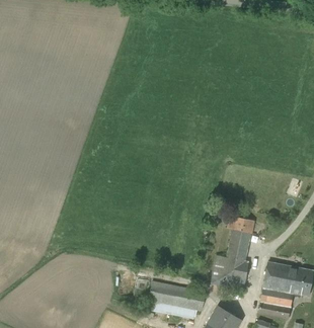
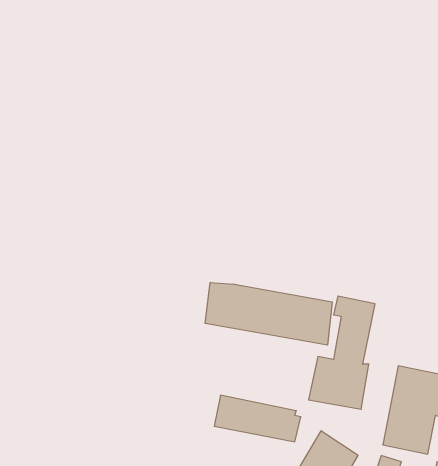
building: none -> [205,282,332,345]

